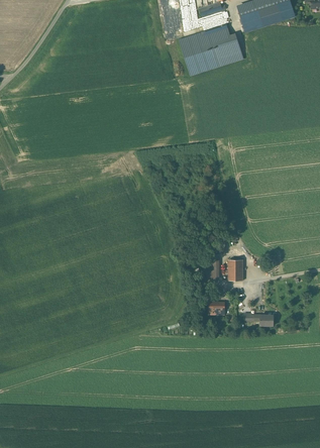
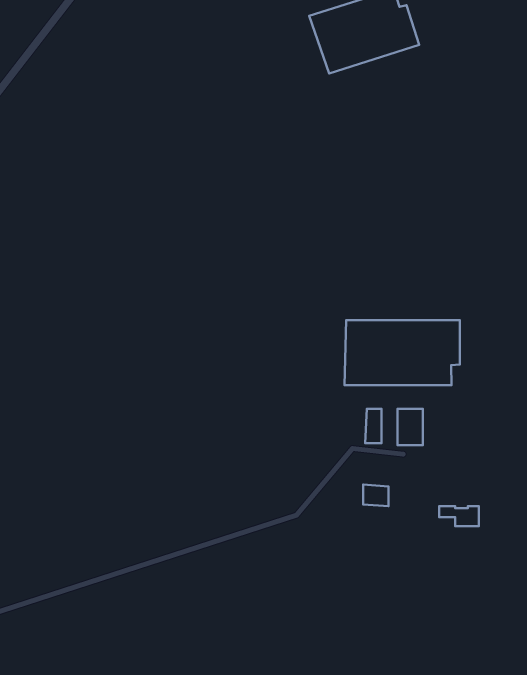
building: none -> [345,320,460,385]

